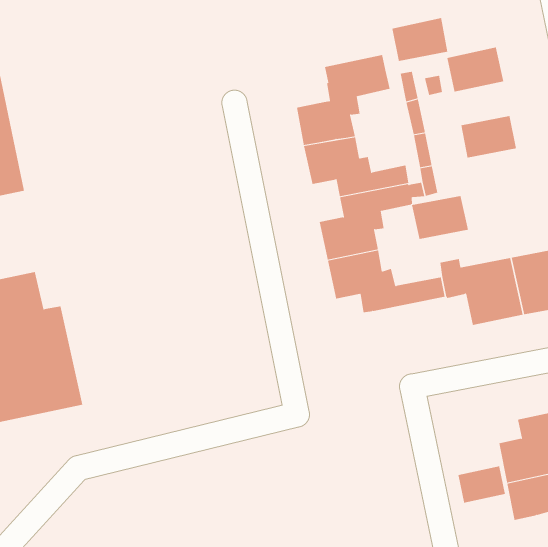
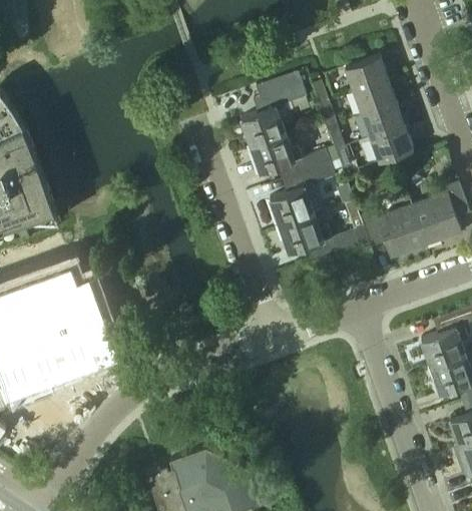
building: [392,18,448,61] -> [353,81,396,117]
building: [411,195,469,239] -> [369,128,413,164]
building: [458,466,505,503] -> none

